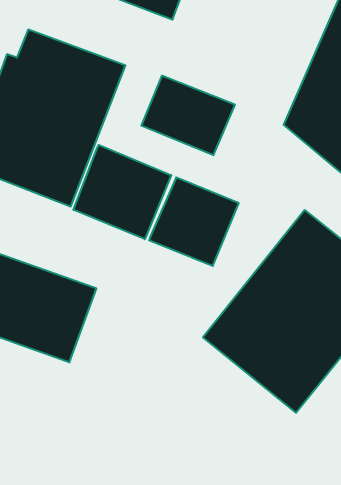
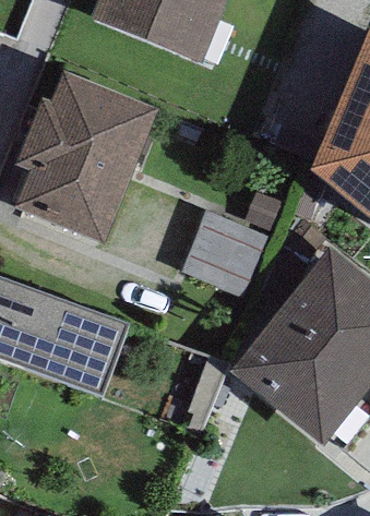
building: [141,76,235,155] -> none
building: [73,145,171,239] -> none

